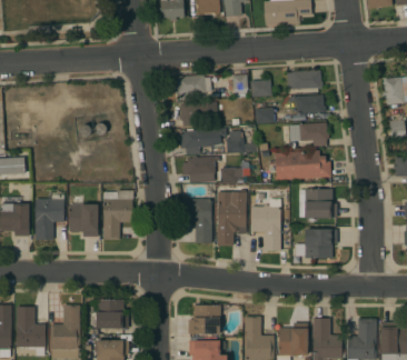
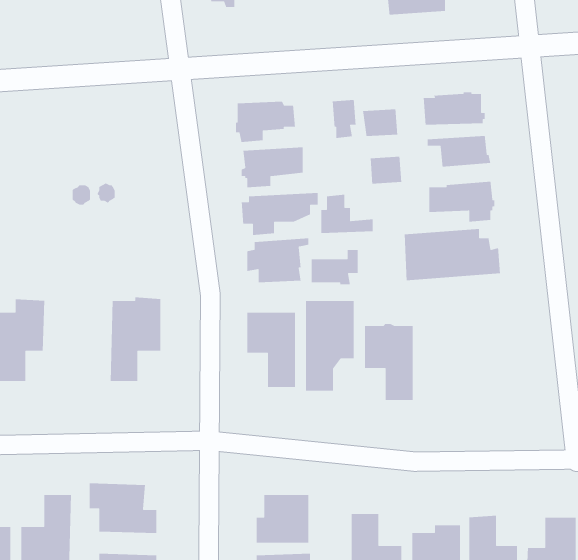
building: [298,189,337,221] -> none
building: [69,194,98,237] -> none
building: [295,229,337,258] -> none

